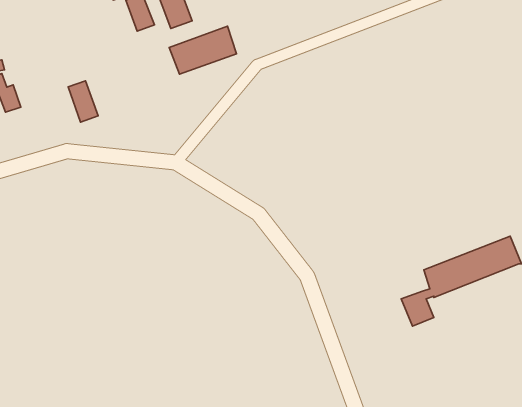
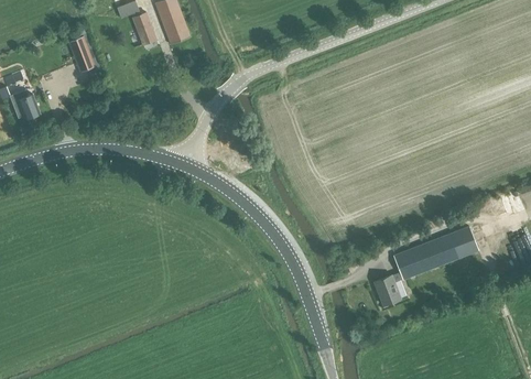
building: [169,26,237,74] -> none
building: [68,81,98,122] -> [68,35,95,72]

